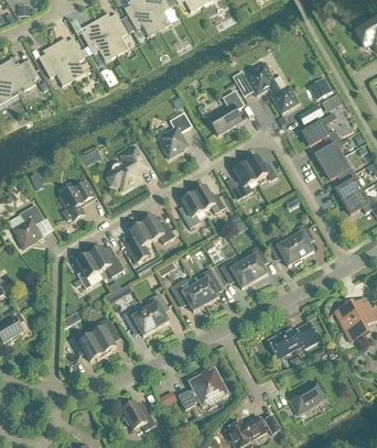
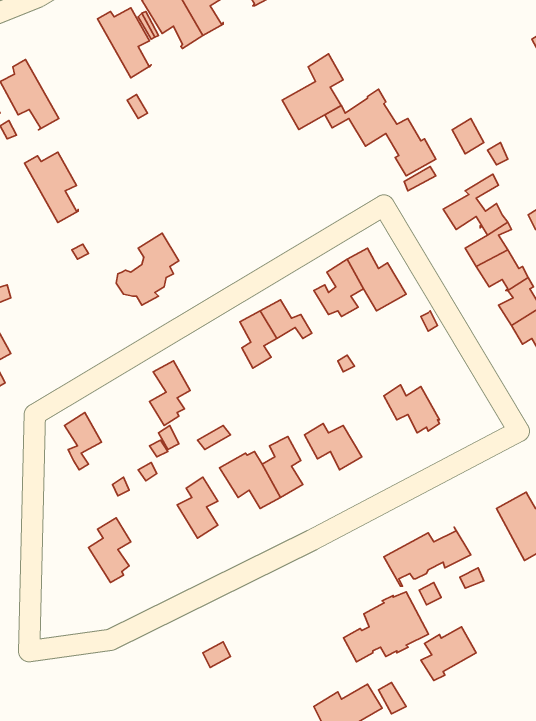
building: [80,19,116,61] -> none
building: [53,36,85,78] -> [25,152,78,222]
building: [206,89,243,134] -> [282,54,343,130]
building: [154,111,191,157] -> none
building: [58,182,96,220] -> none
building: [141,216,174,242] -> none
building: [289,221,312,258] -> none
building: [243,244,266,280] -> none
building: [88,247,122,275] -> none
building: [122,307,155,335] -> none
building: [69,332,104,360] -> none
building: [176,368,227,409] -> [343,592,428,662]
building: [121,401,154,429] -> none

